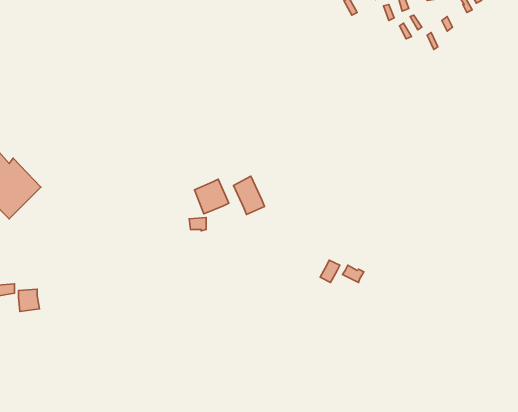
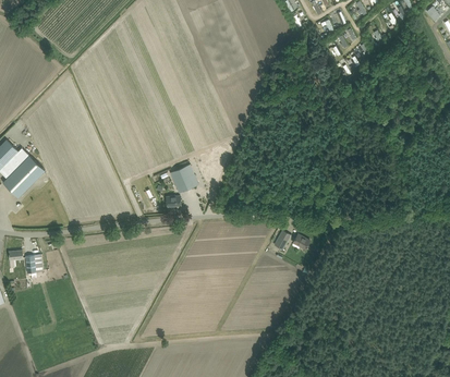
building: [234,176,265,214] -> none

